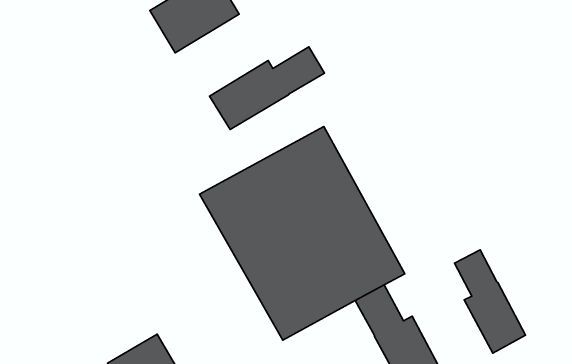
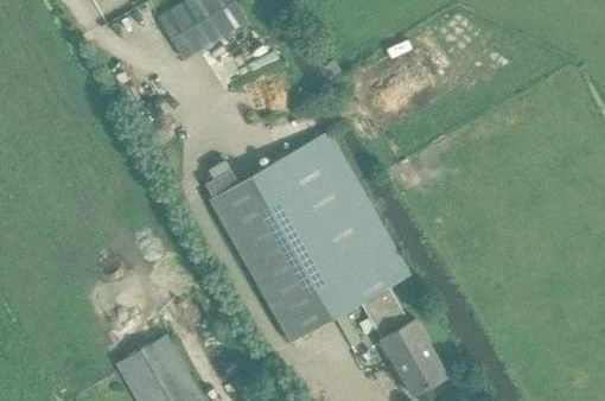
building: [210,47,324,129] -> none
building: [454,250,525,353] -> none

